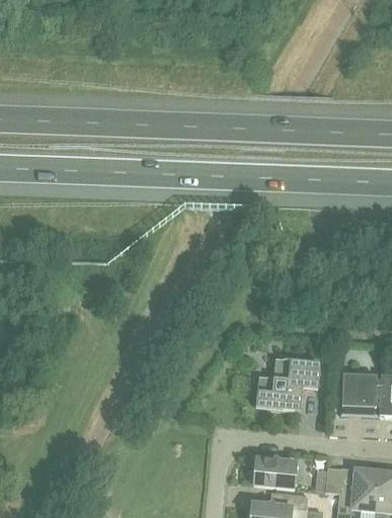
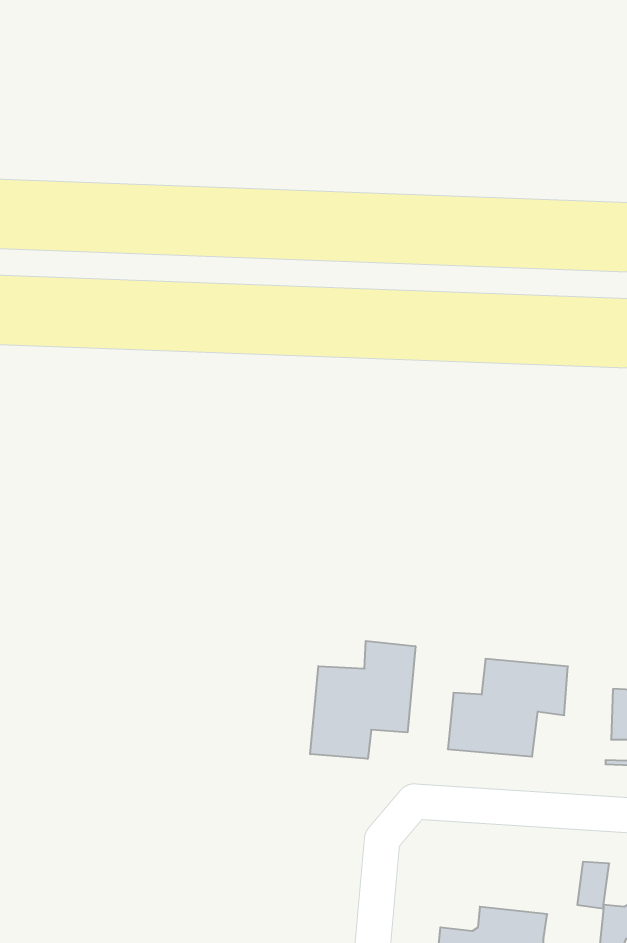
building: none -> [310,641,415,759]
building: [253,457,302,488] -> none

